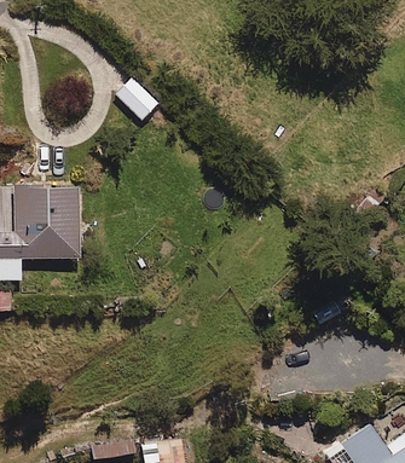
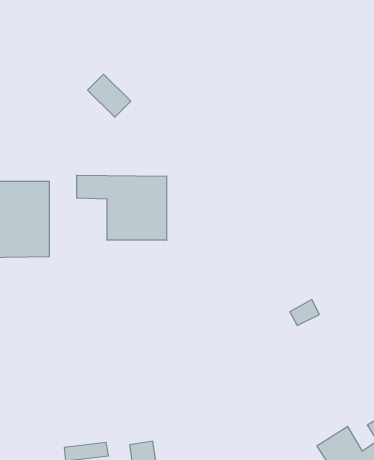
building: none -> [77,175,167,240]

